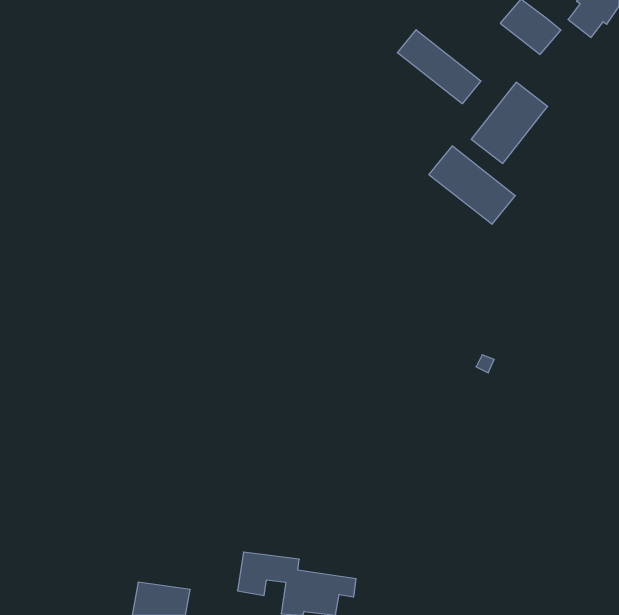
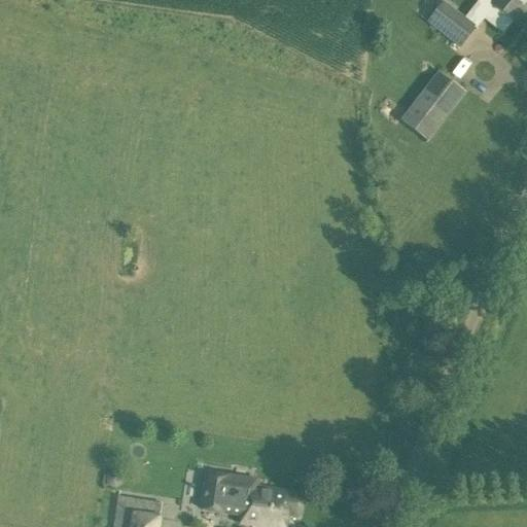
building: [397,30,481,104] -> none
building: [429,146,515,224] -> none

